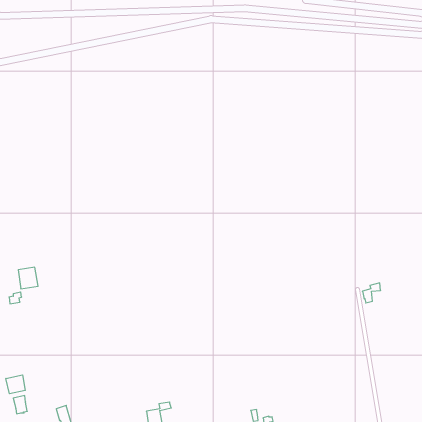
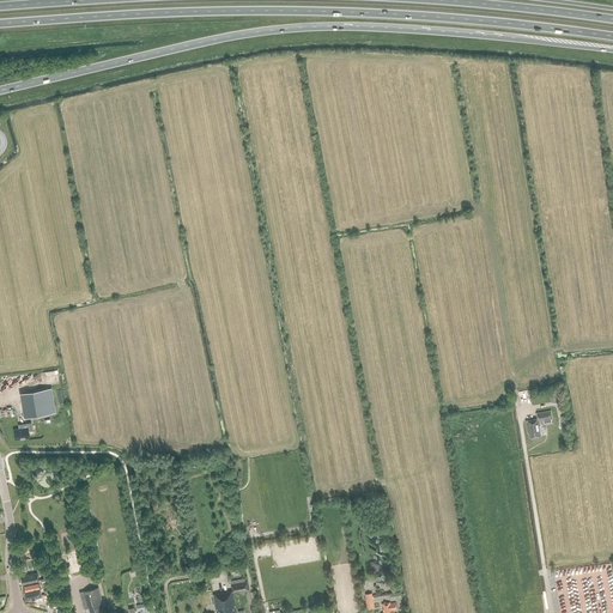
building: [6,375,25,394] -> none

